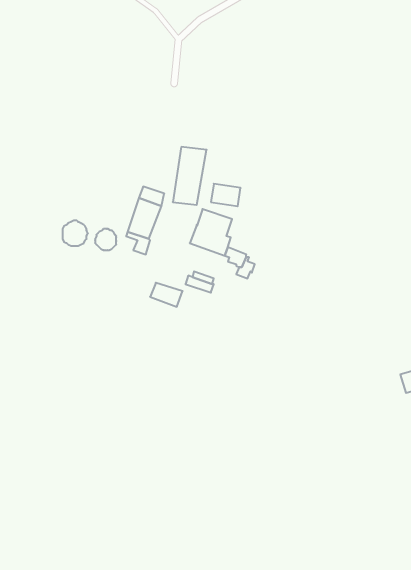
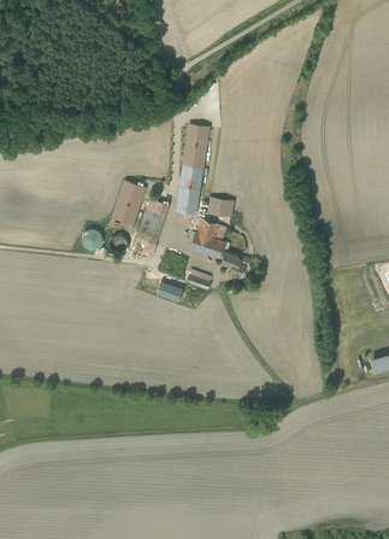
building: none -> [182,122,211,166]
building: none -> [113,180,146,223]

